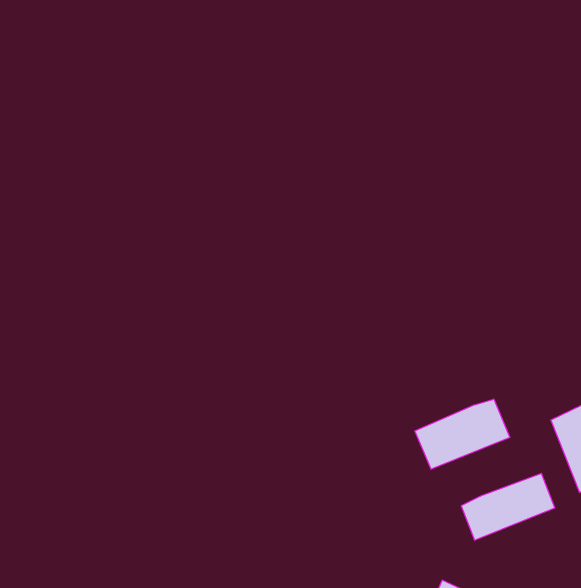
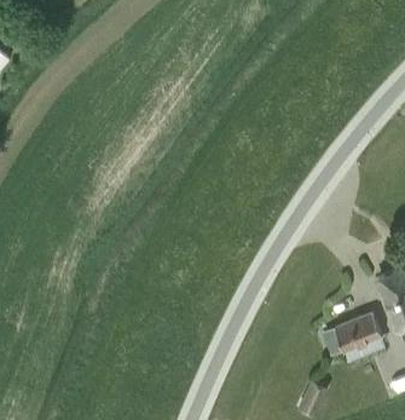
building: [415,399,510,469] -> none

